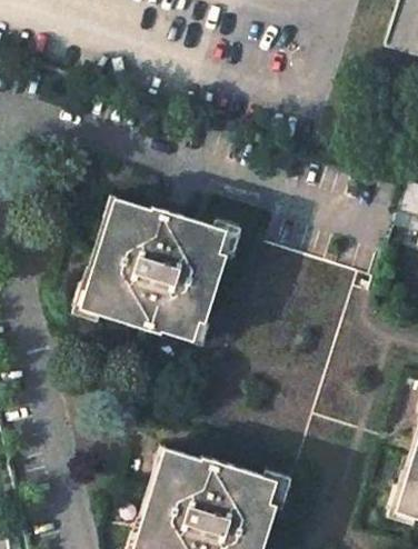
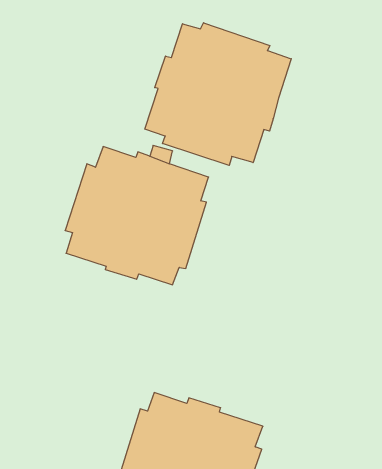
building: none -> [145,23,291,165]

